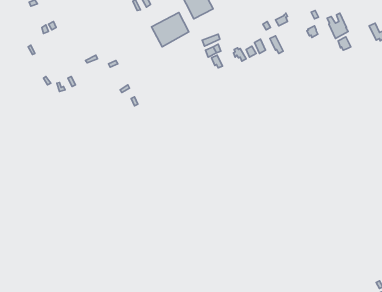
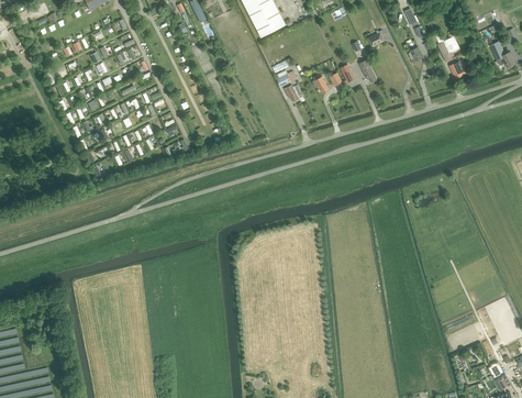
building: [152,12,189,47] -> none

